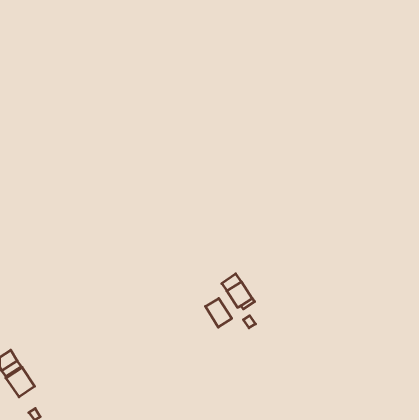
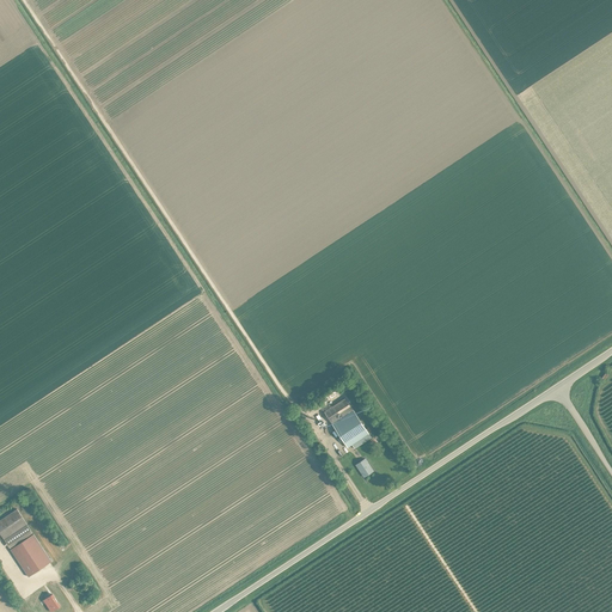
building: [205,298,232,327] -> none

